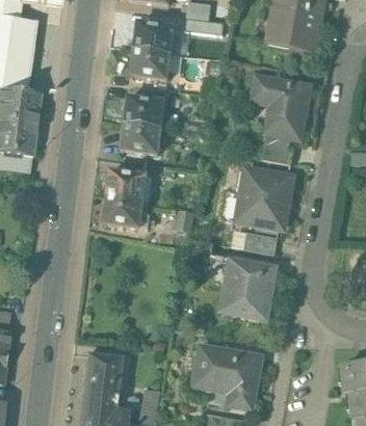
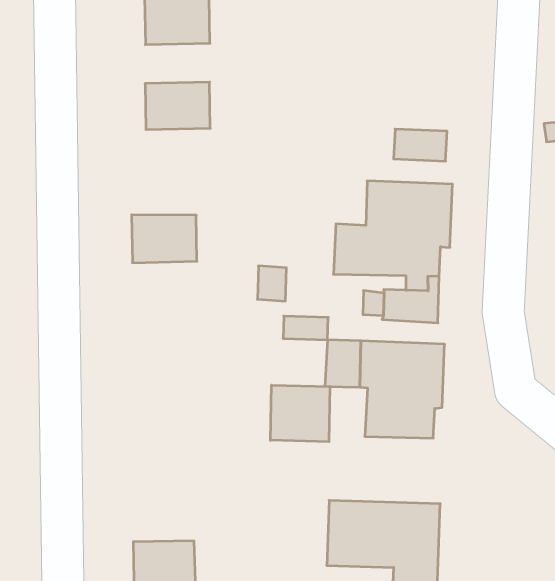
building: [253,78,309,139] -> none
building: [122,124,161,155] -> none
building: [104,197,150,229] -> none
building: none -> [270,385,330,442]

